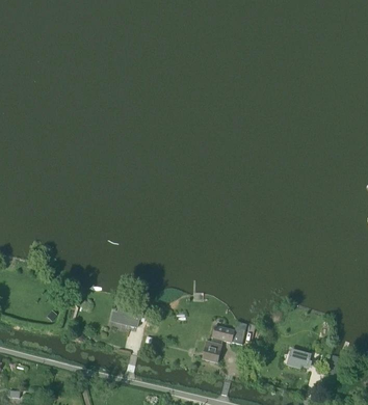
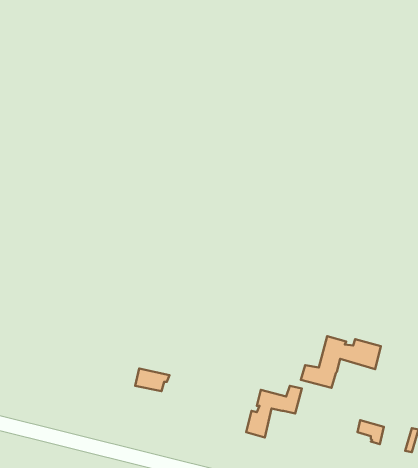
building: none -> [301,336,381,388]

